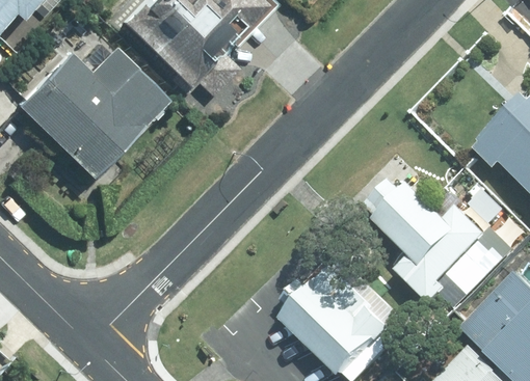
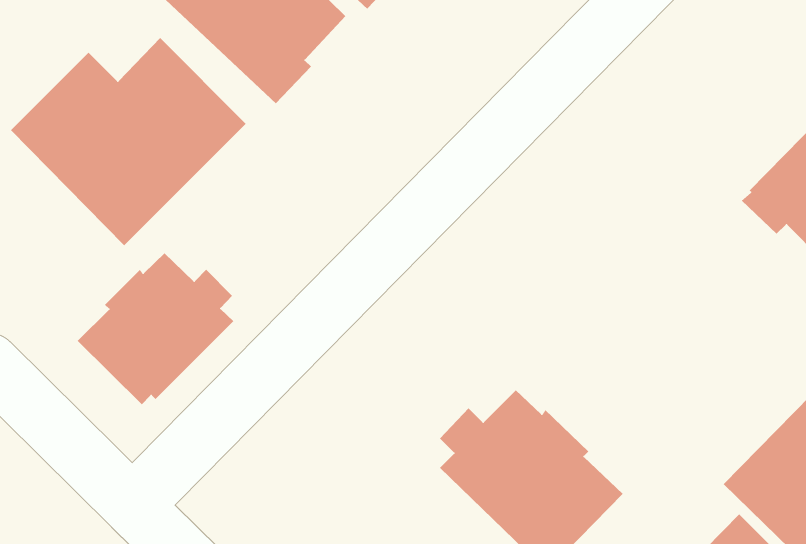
building: [373,181,493,308] -> none
building: none -> [77,253,234,405]

